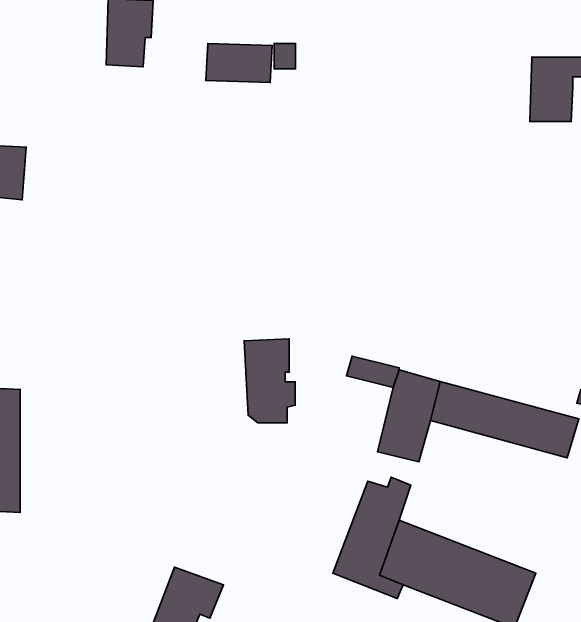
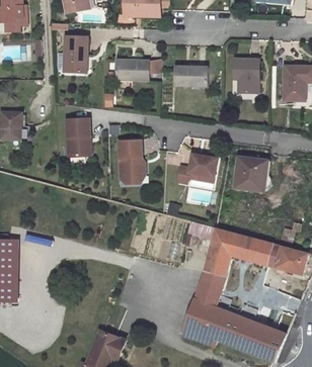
building: none -> [234,59,258,91]
building: none -> [174,65,208,85]
building: none -> [67,118,90,156]
building: none -> [177,153,217,183]
building: none -> [235,156,272,190]
building: [244,339,295,423] -> [119,140,145,183]

